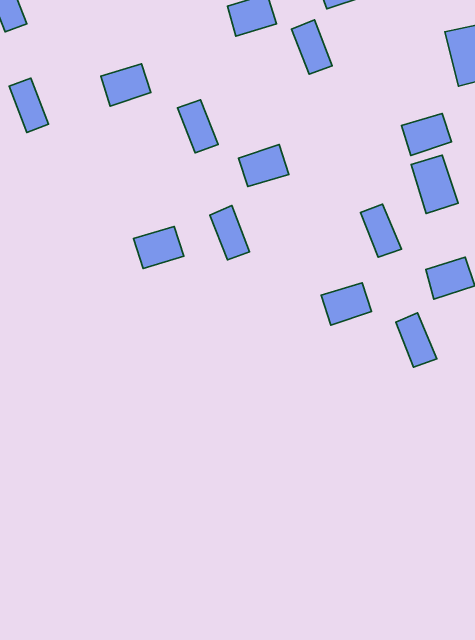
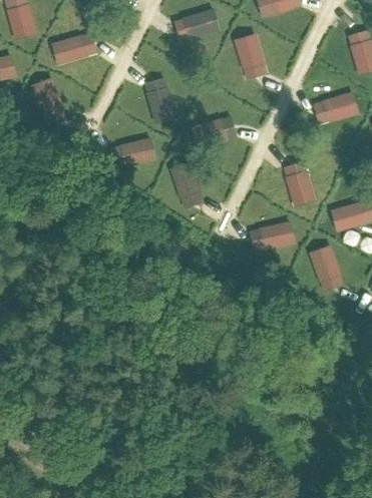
building: [101,64,151,106] -> [52,37,89,68]
building: [411,155,458,213] -> none
building: [134,226,184,268] -> [118,137,155,168]

